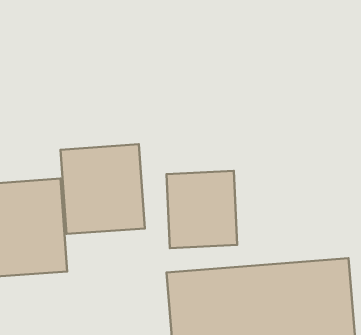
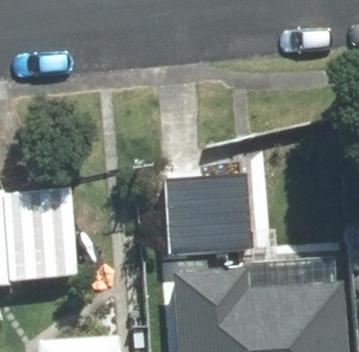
building: [60,144,145,234] -> none

